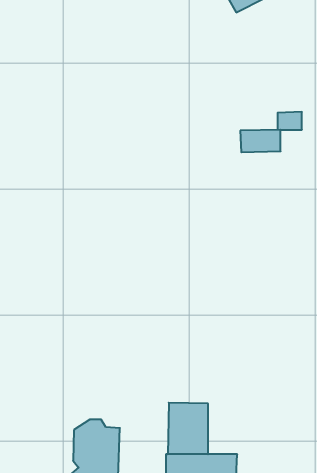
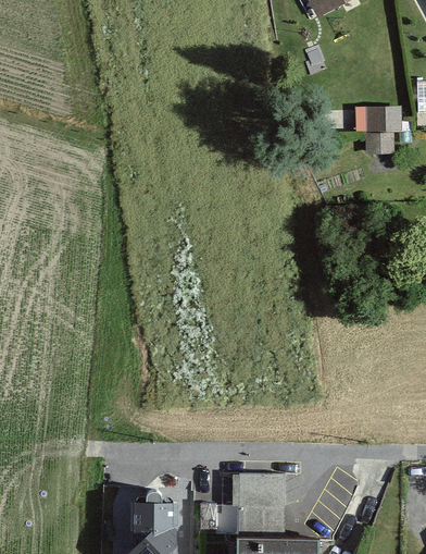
building: [240,130,281,152] -> [352,107,399,133]

